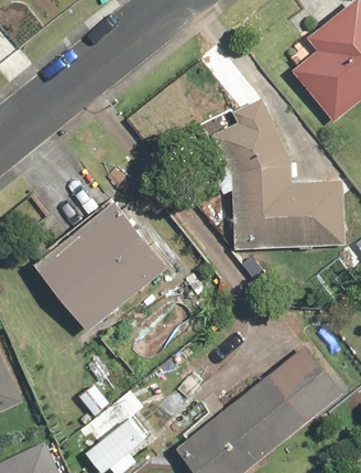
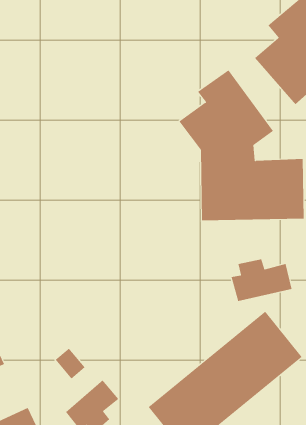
building: [33,196,171,331] -> none
building: none -> [231,258,292,302]

